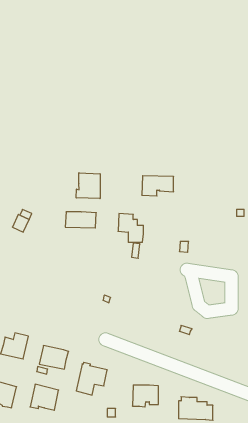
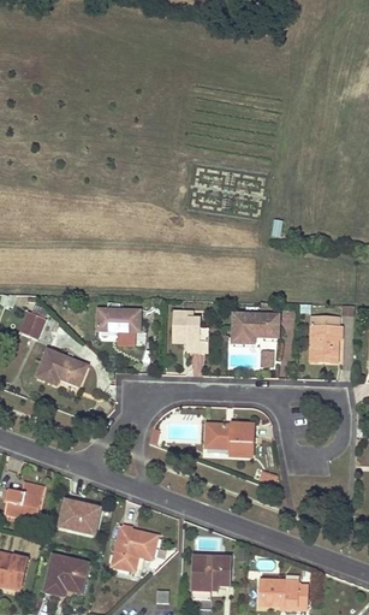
building: [76,173,100,199] -> none
building: [142,176,174,196] -> [233,313,279,342]
building: none -> [310,314,341,361]
building: none -> [37,349,88,384]
building: none -> [206,422,254,456]

